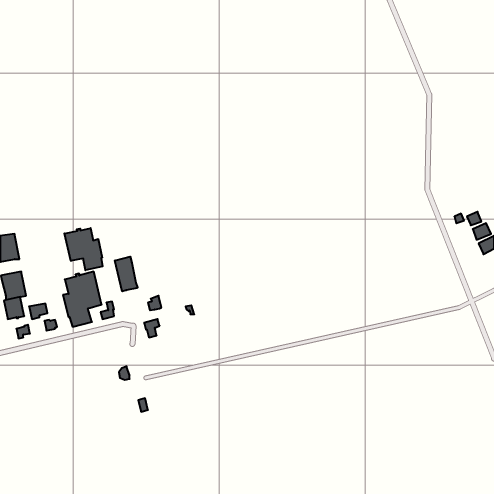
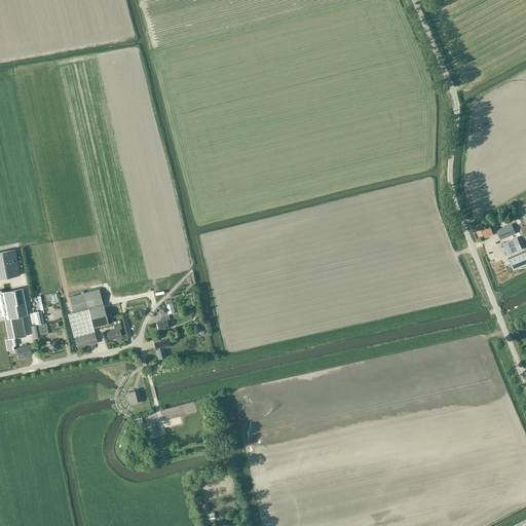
building: [64,228,103,270] -> none
building: [115,257,138,291] -> none

